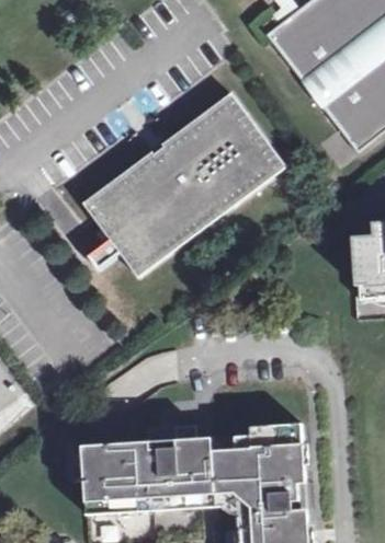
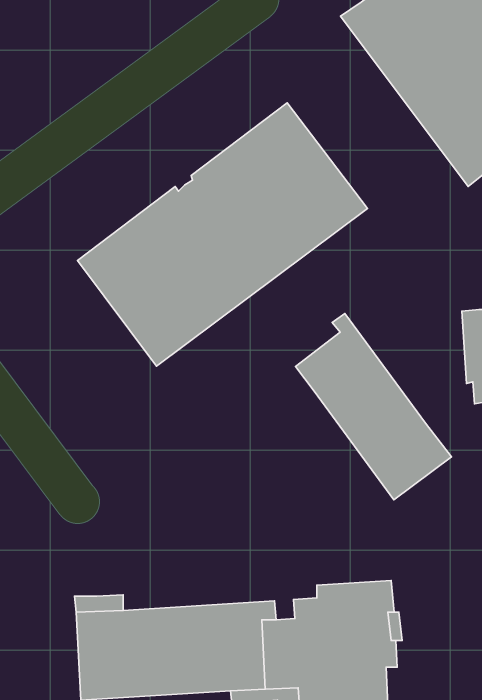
building: none -> [295,314,451,500]

